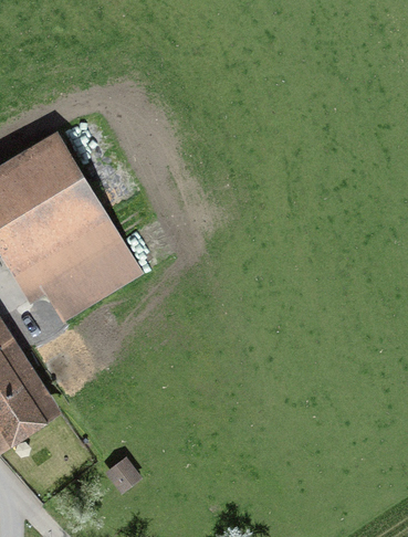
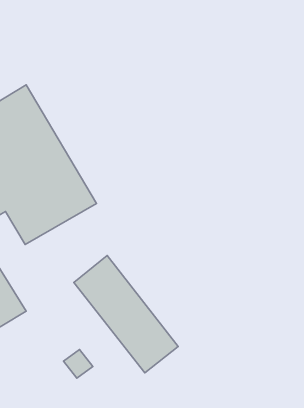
building: none -> [74,256,178,373]

